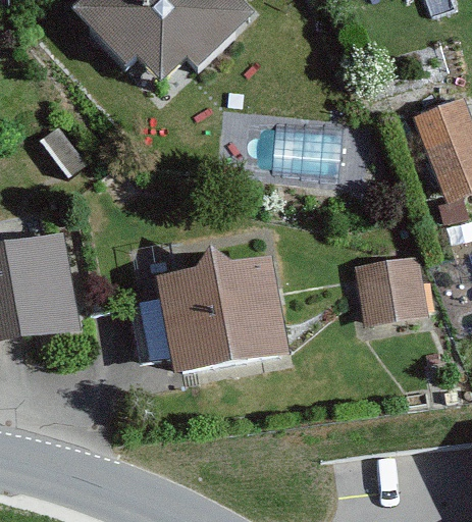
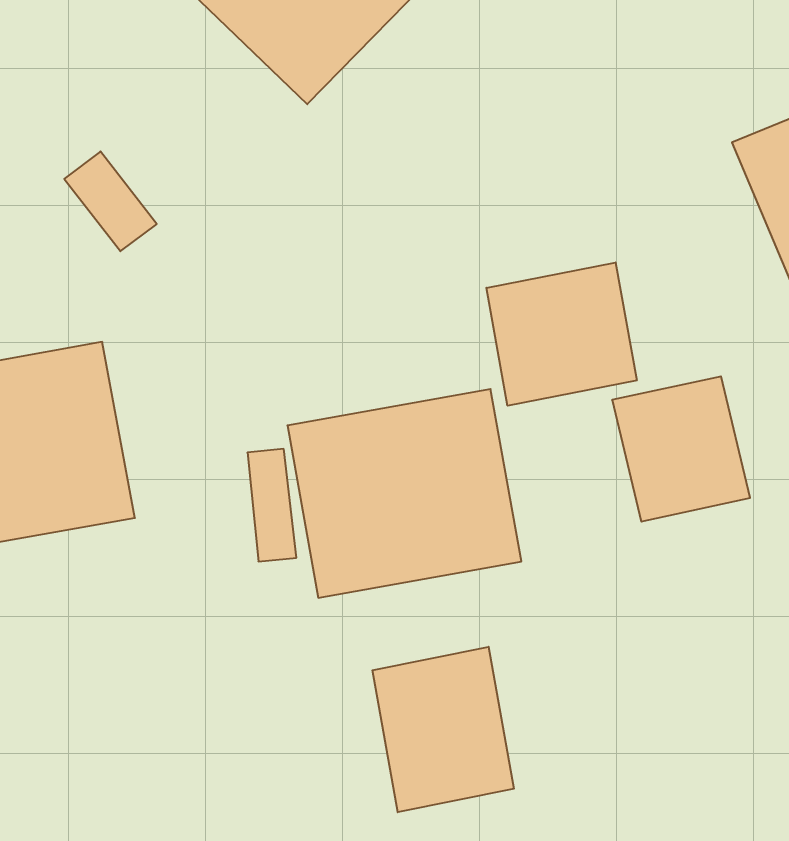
building: none -> [486,262,637,406]
building: none -> [372,647,514,812]

